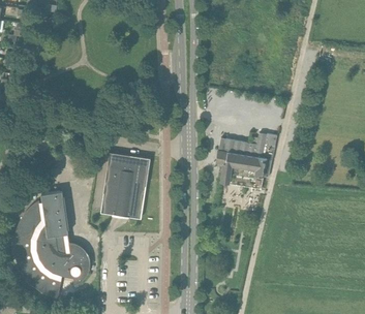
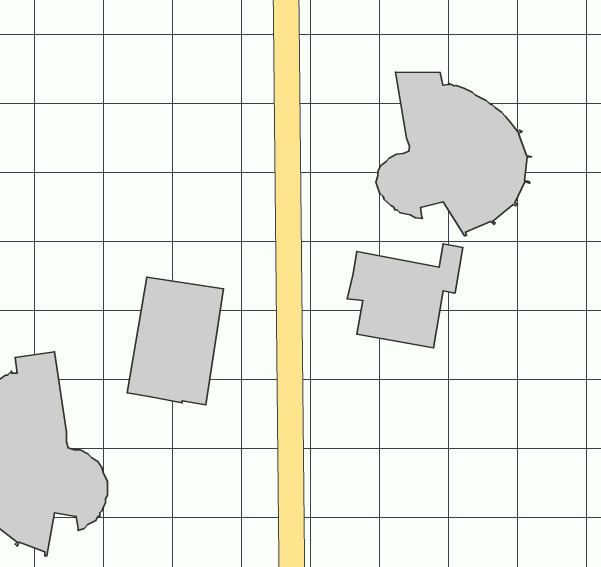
building: none -> [376,72,531,236]

